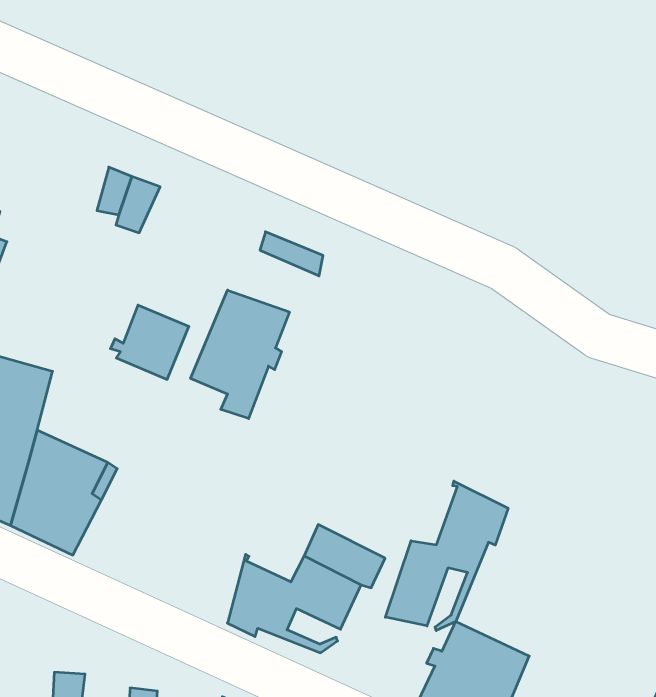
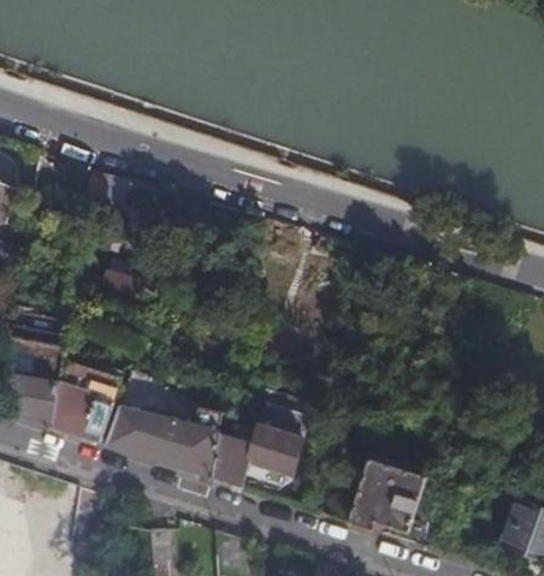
building: [191,290,289,419] -> none
building: [385,481,508,631] -> none
building: none -> [102,402,217,479]

